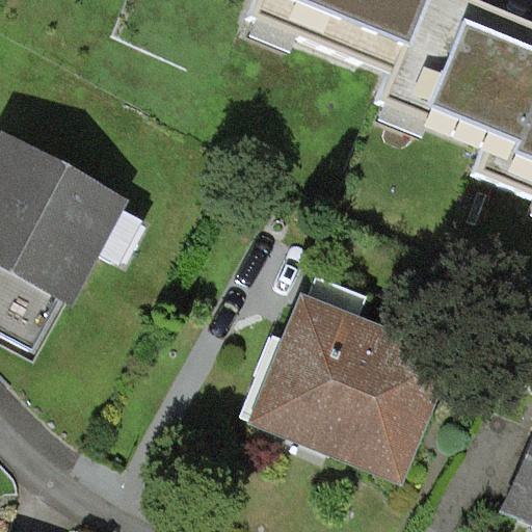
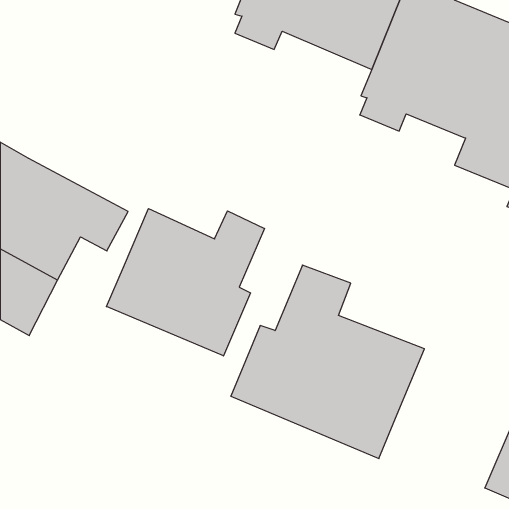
building: none -> [106,209,264,356]

